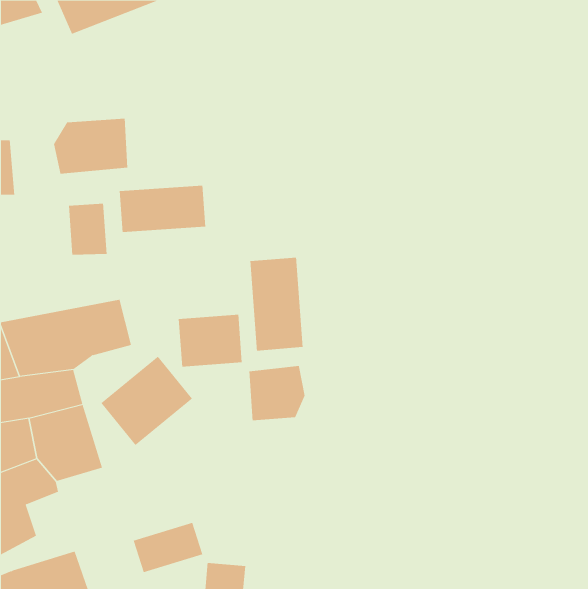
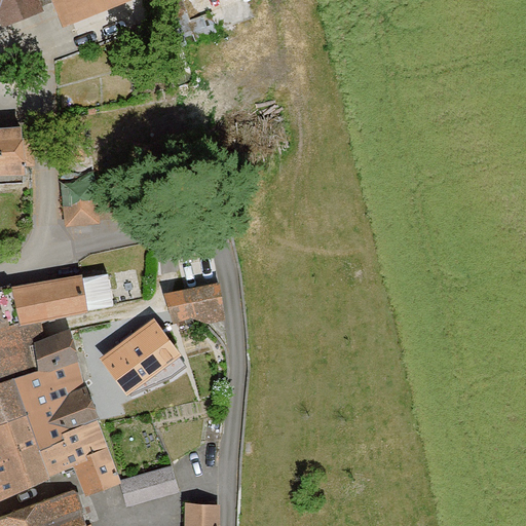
building: [53,118,128,174] -> none
building: [119,185,206,233] -> none
building: [250,257,303,352] -> none
building: [249,365,305,421] -> none
building: none -> [26,417,118,494]

